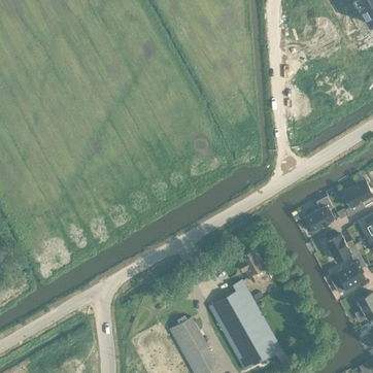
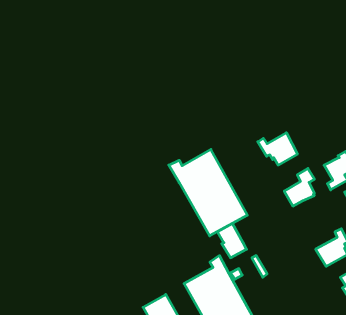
building: none -> [258,133,297,165]
building: none -> [169,149,247,236]
building: [327,235,358,262] -> none

